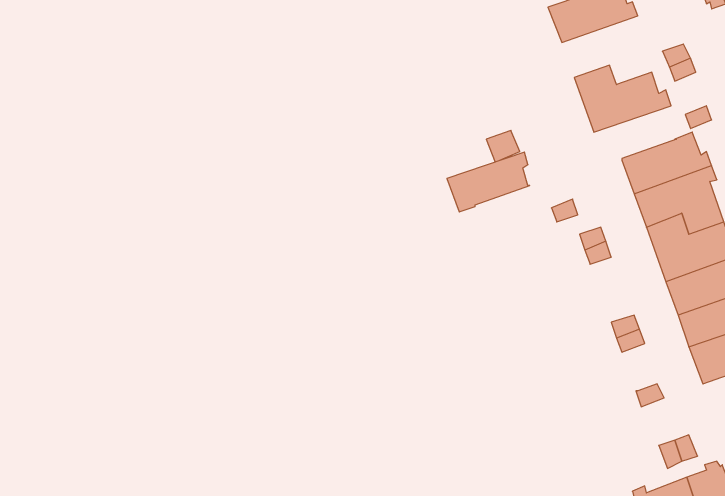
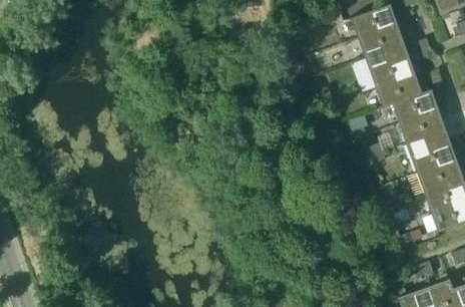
building: none -> [357,22,408,61]
building: [447,152,530,212] -> [375,73,422,107]

